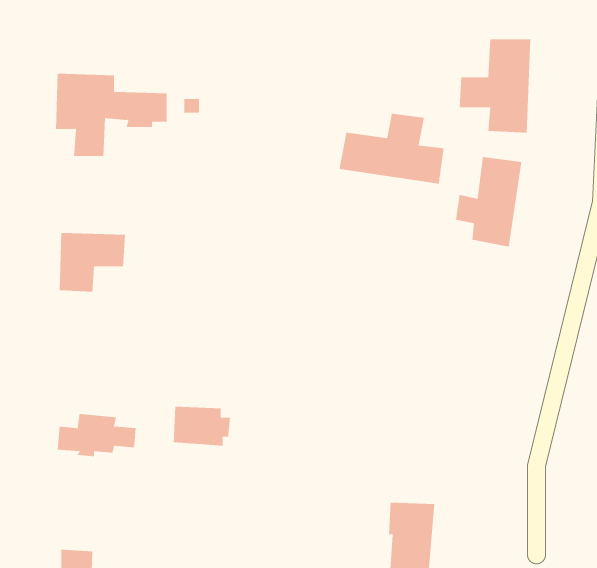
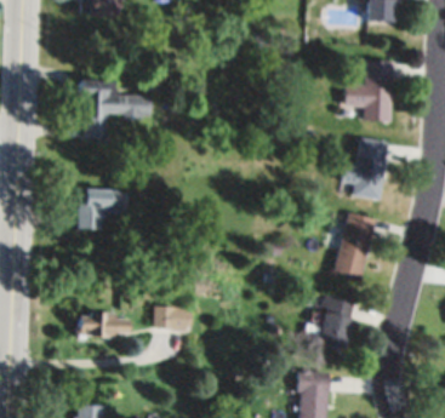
building: [339,113,444,184] -> none
building: none -> [336,213,376,277]
building: none -> [320,294,358,354]

